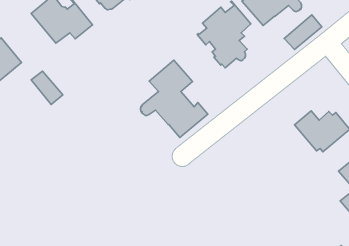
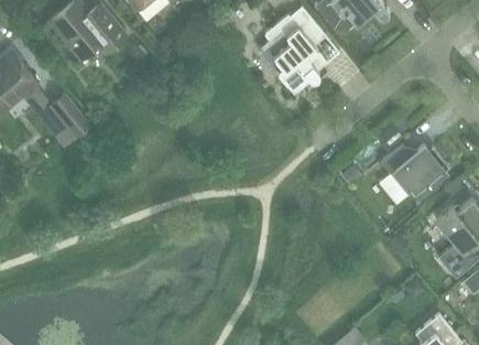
building: [284,15,322,50] -> none
building: [140,60,208,137] -> none

